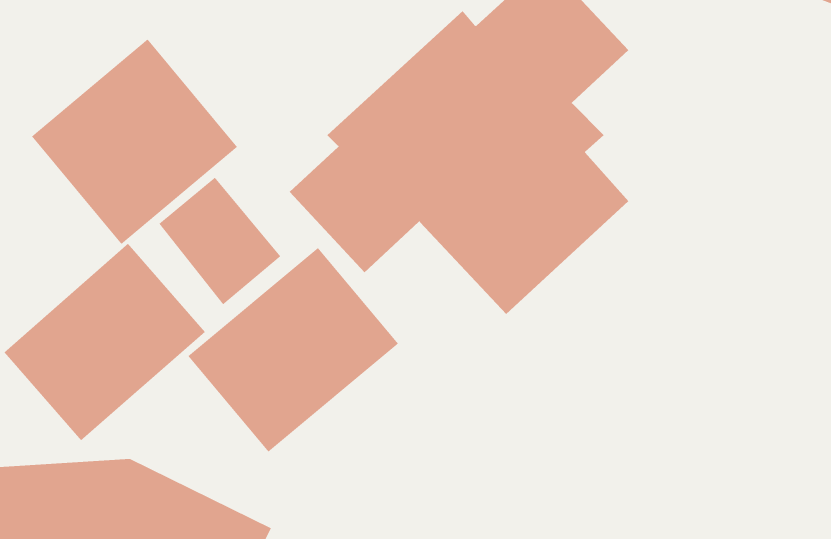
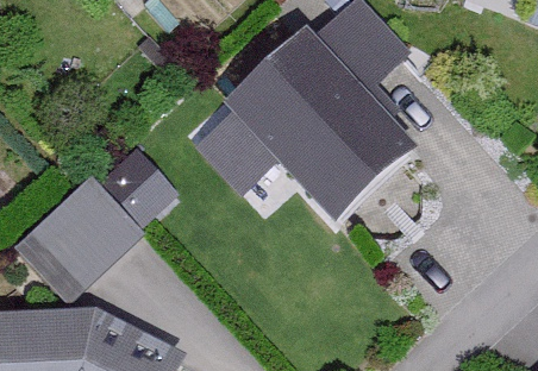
building: [31,39,238,245] -> none
building: [187,247,399,452] -> none

